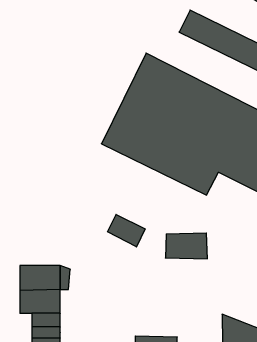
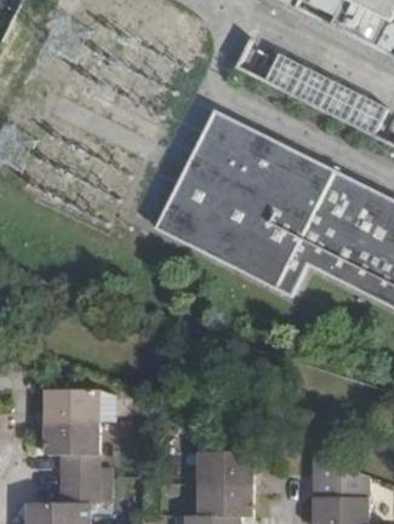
building: [108,214,145,247] -> none
building: [165,233,207,259] -> [198,449,253,483]

